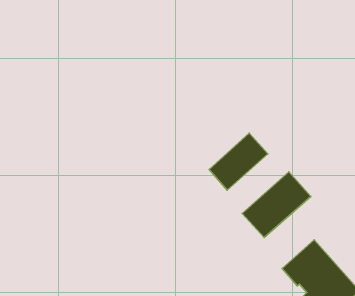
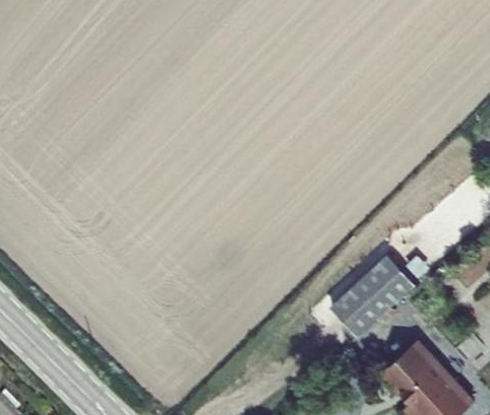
building: [209,133,268,190] -> none

